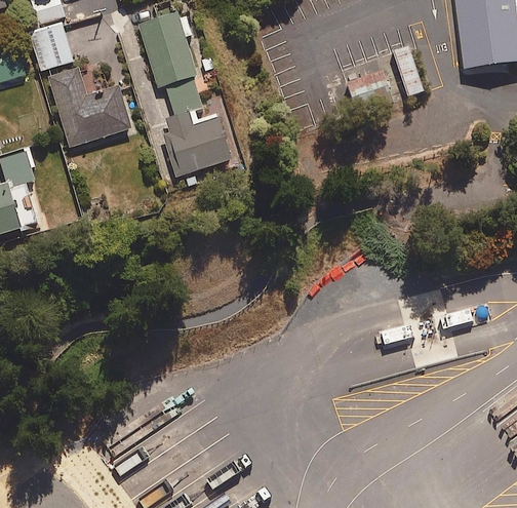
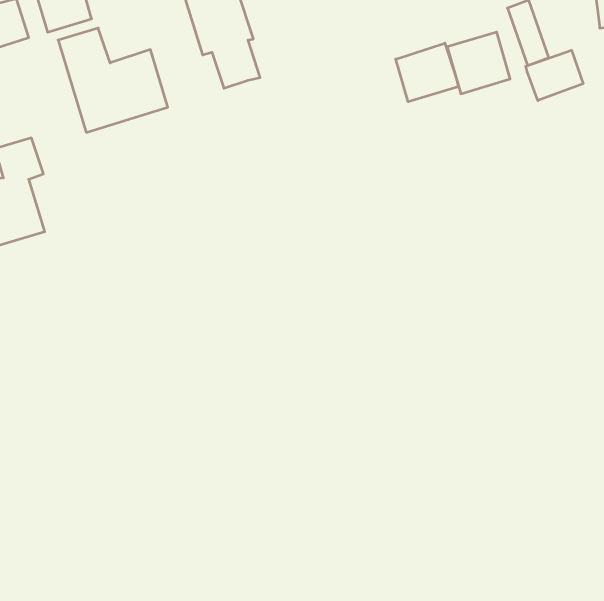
building: none -> [396,43,458,102]
building: none -> [526,50,583,101]
building: [163,107,232,177] -> none

